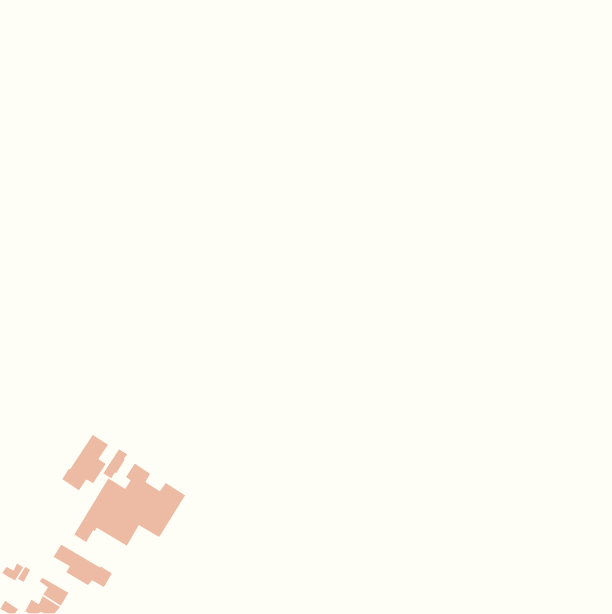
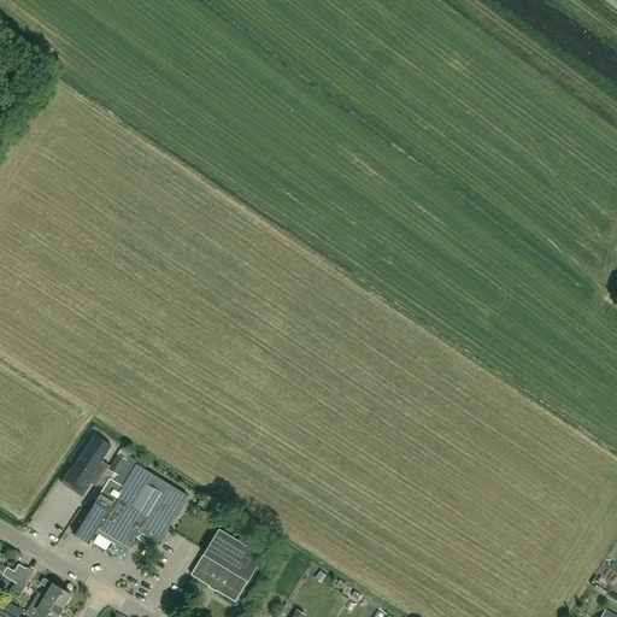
building: none -> [190,530,263,603]
building: [52,544,113,588] -> none

